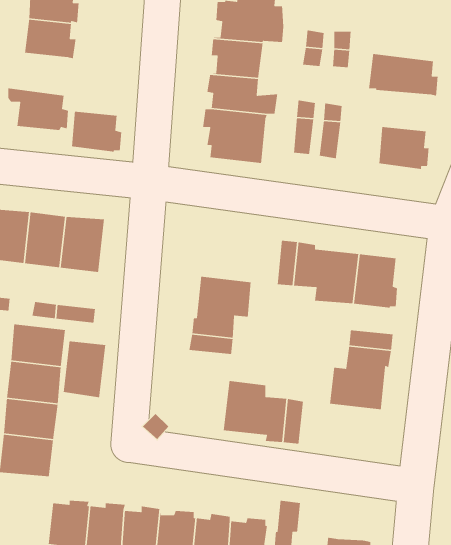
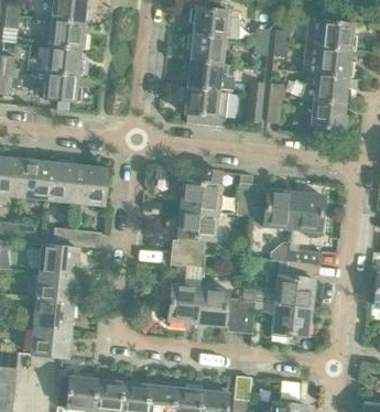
building: none -> [304,18,356,51]
building: none -> [300,73,349,102]
building: [58,111,122,153] -> [35,45,83,76]
building: none -> [177,170,221,214]
building: [63,340,106,398] -> none
building: none -> [167,284,198,324]
building: none -> [270,304,311,338]

